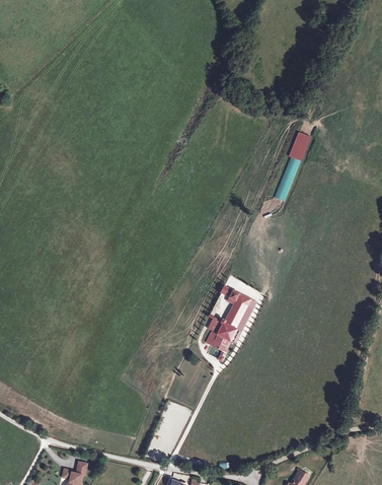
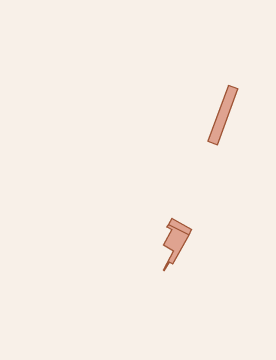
building: [210,320,234,359] -> none

